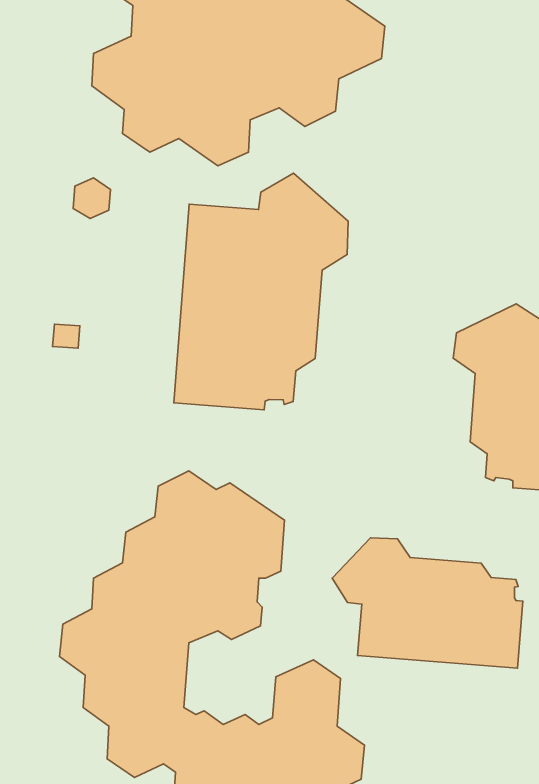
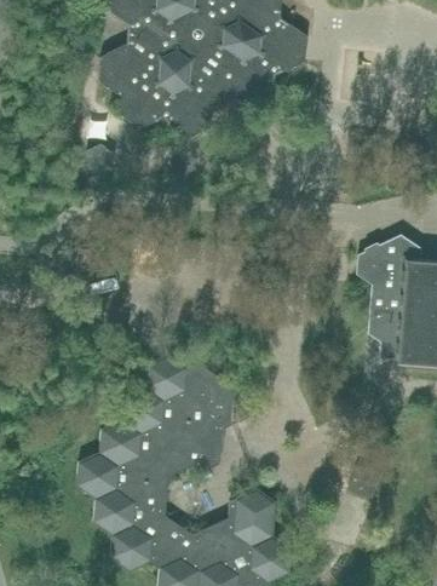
building: [174,173,348,410] -> none
building: [332,538,523,668] -> none

